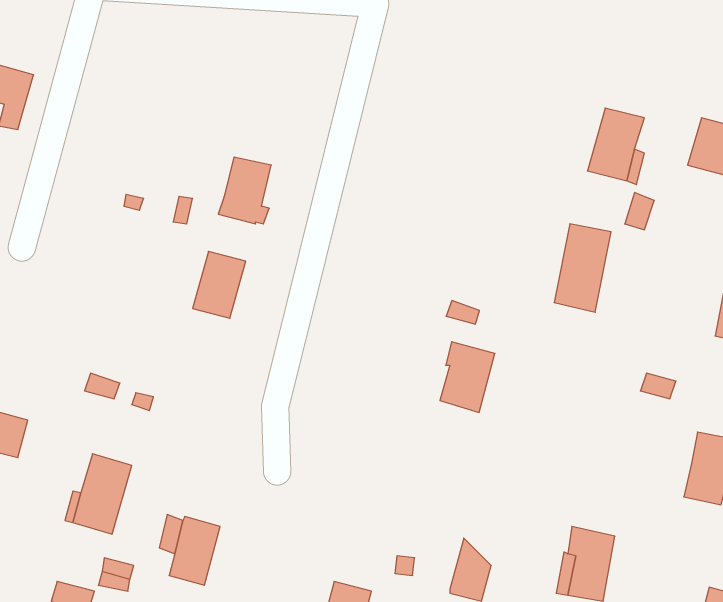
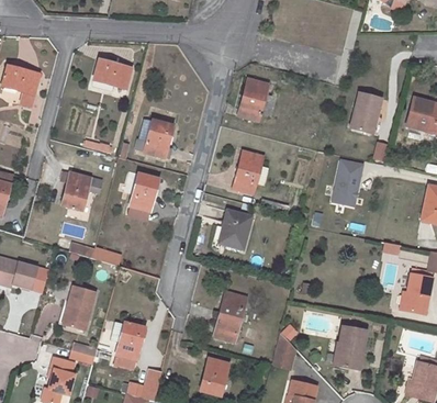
building: none -> [94,57,132,88]
building: none -> [238,77,269,121]
building: none -> [234,150,264,192]
building: none -> [61,171,102,210]
building: [440,342,495,412] -> [222,210,253,249]
building: none -> [216,292,247,340]

